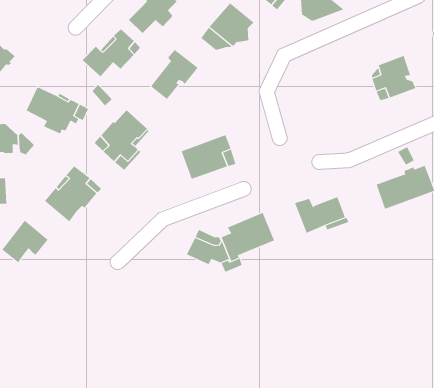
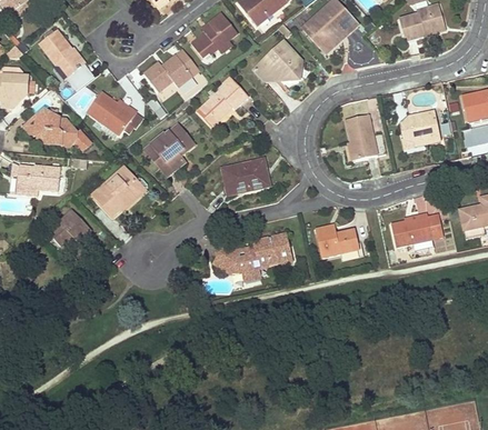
building: none -> [345,113,377,160]

